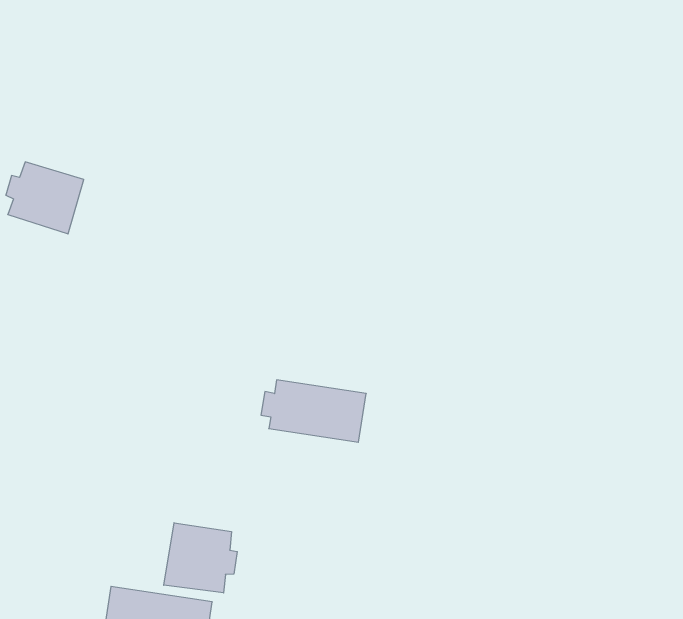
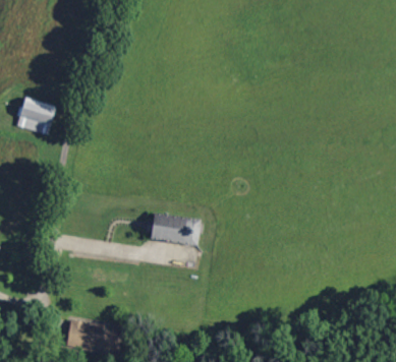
building: [164,523,237,593] -> none

